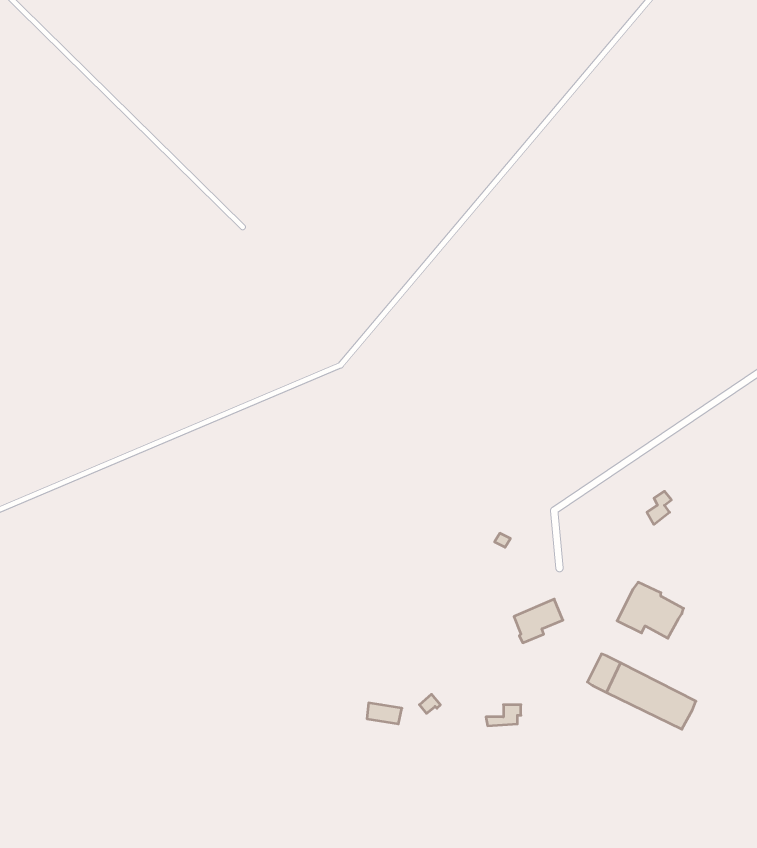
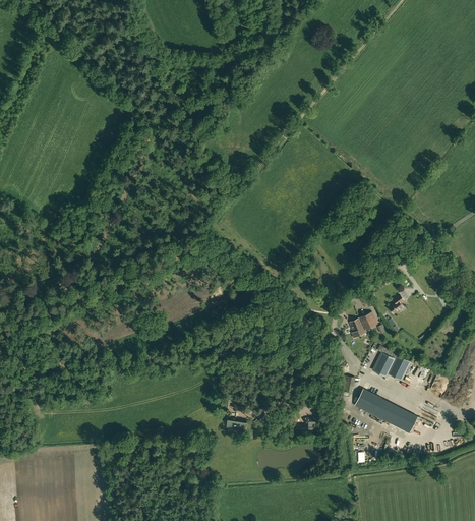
building: [514,599,563,643] -> [349,312,377,338]

